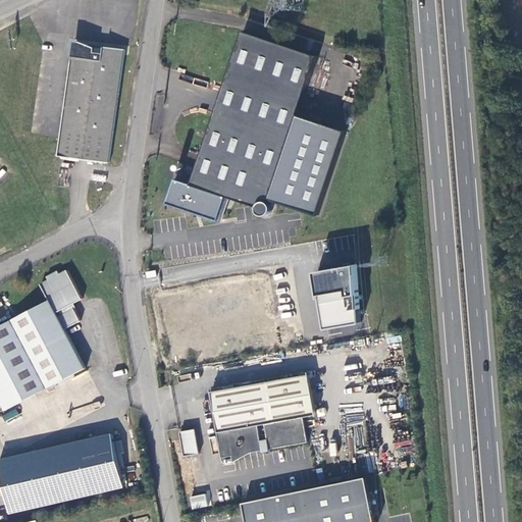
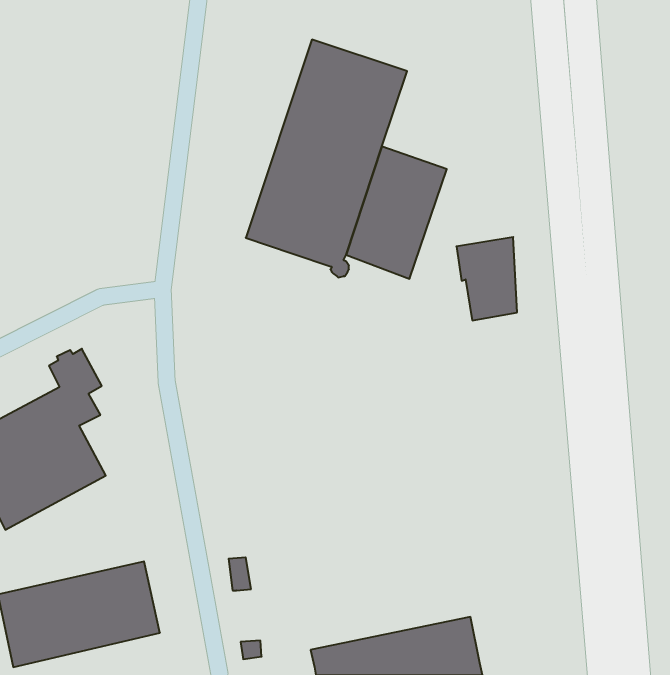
building: [56,42,122,163] -> none
building: [162,176,225,220] -> none
building: [305,266,352,330] -> [456,237,517,320]
building: [210,374,314,461] -> none

